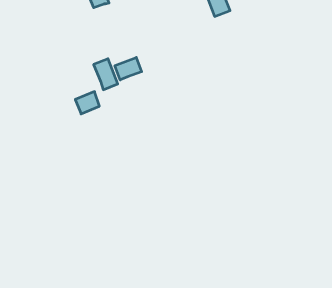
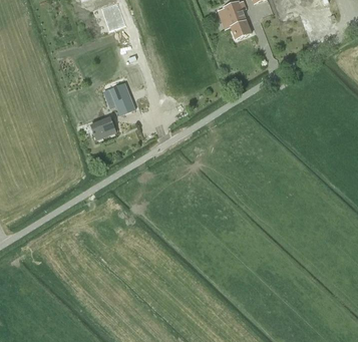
building: [115,57,142,80] -> none

